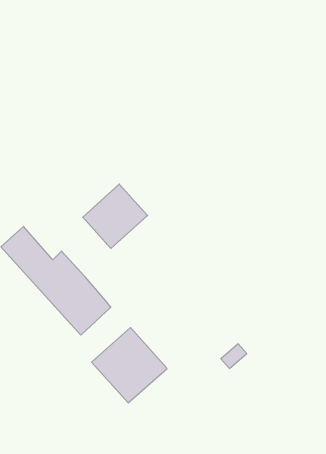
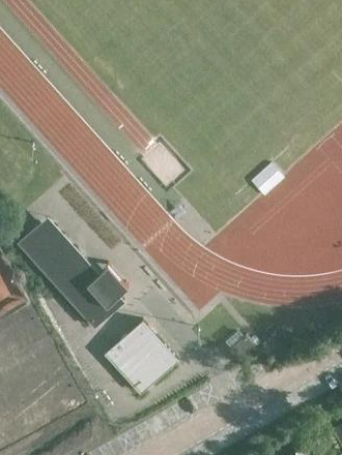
building: [83,184,148,248] -> none

